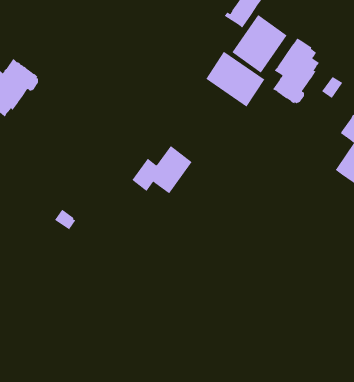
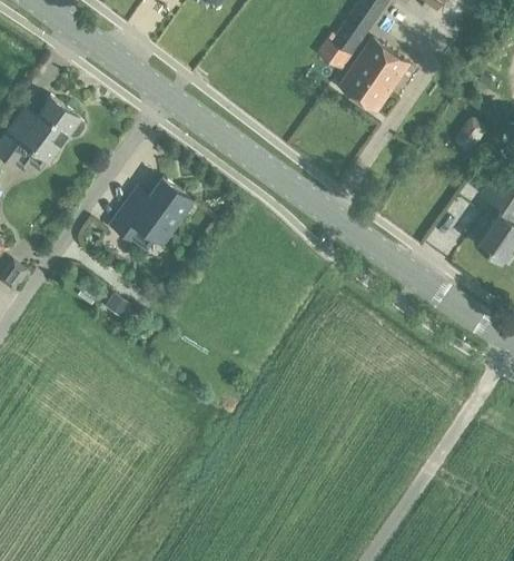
building: [272,37,320,104] -> none
building: [205,51,265,107] -> none
building: [132,145,192,194] -> [109,180,189,245]

